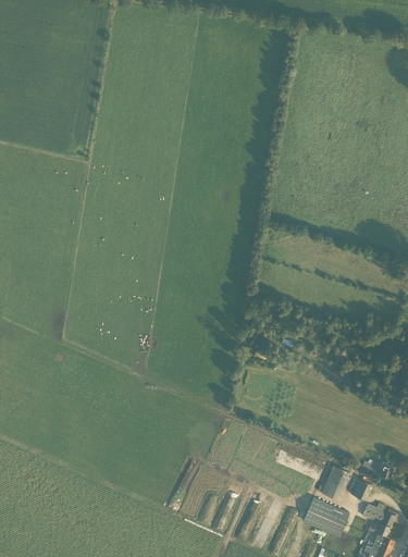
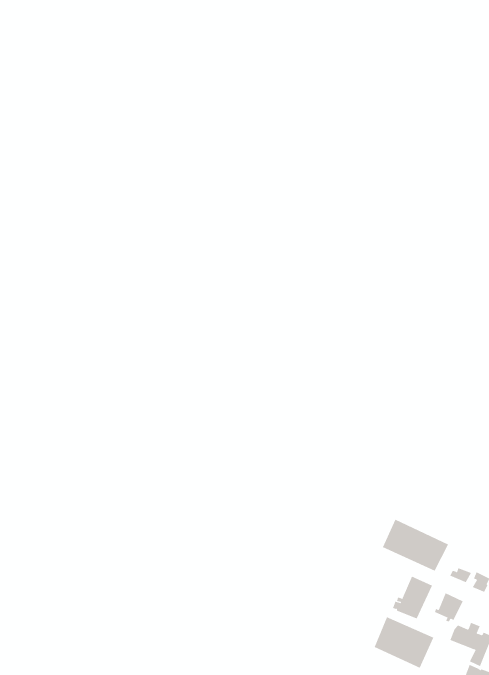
building: none -> [382,519,449,572]

